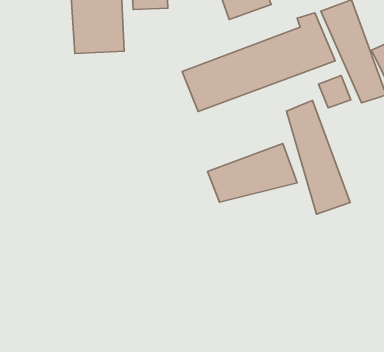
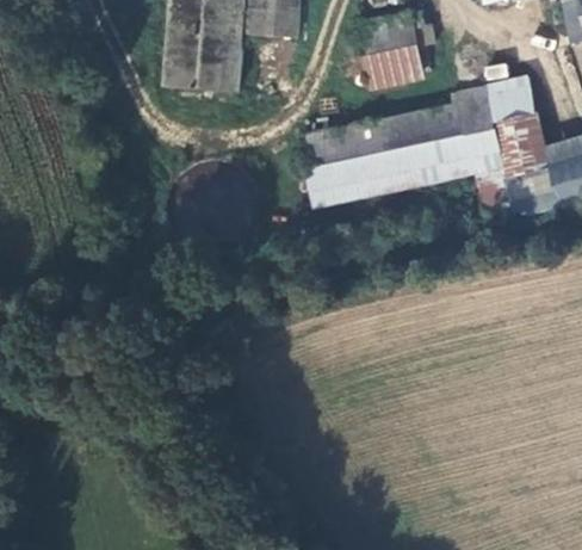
building: [286,101,350,214] -> none
building: [208,144,297,202] -> none

